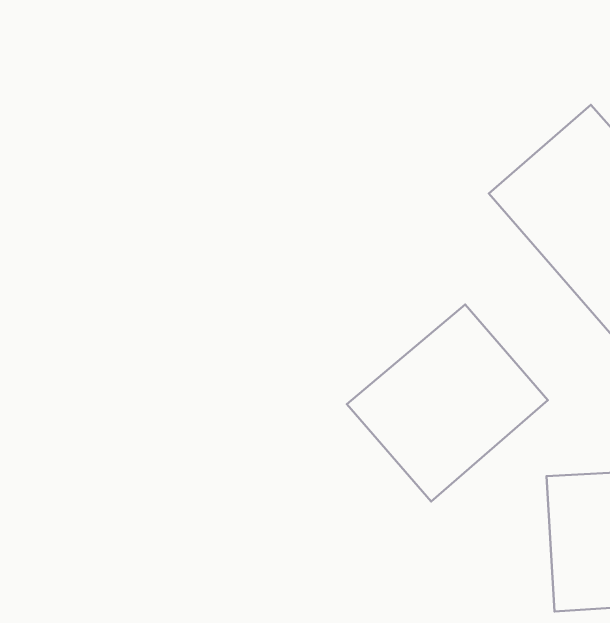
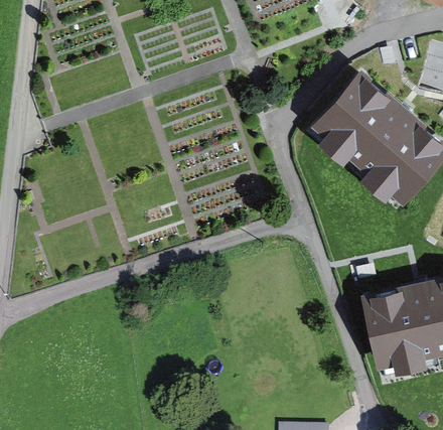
building: [347,304,548,501] -> none

